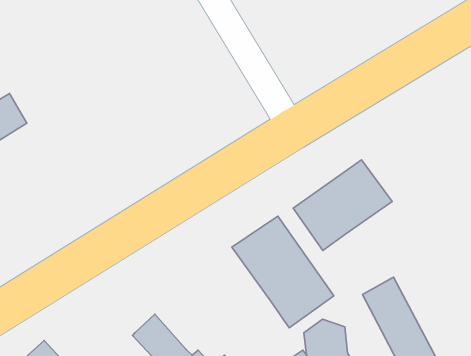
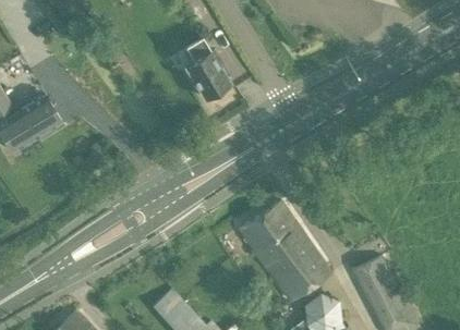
building: none -> [186,39,231,98]
building: [293,160,392,251] -> none

